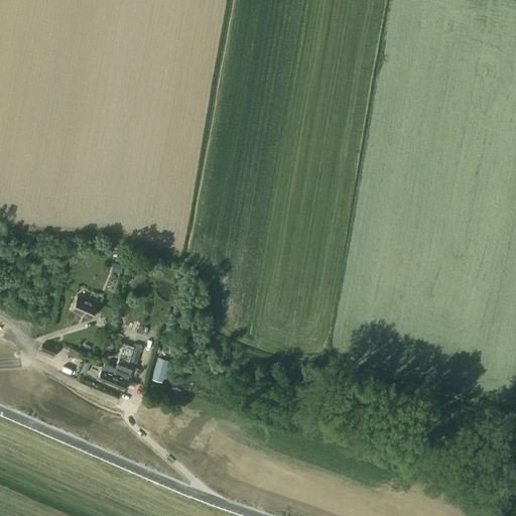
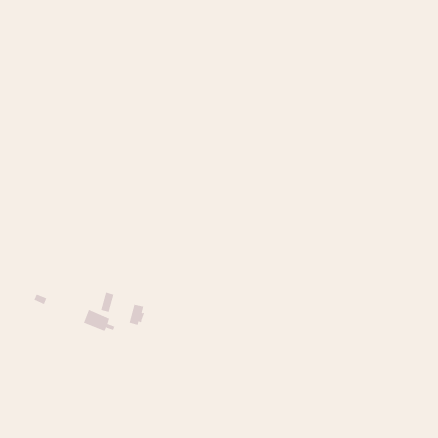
building: [72,295,99,319] -> none

